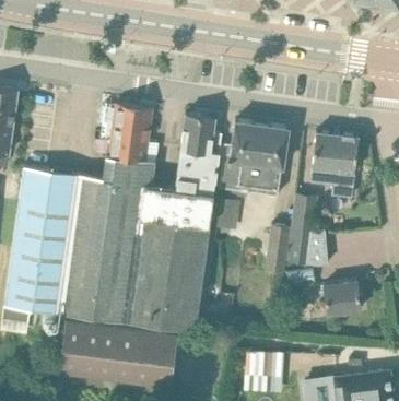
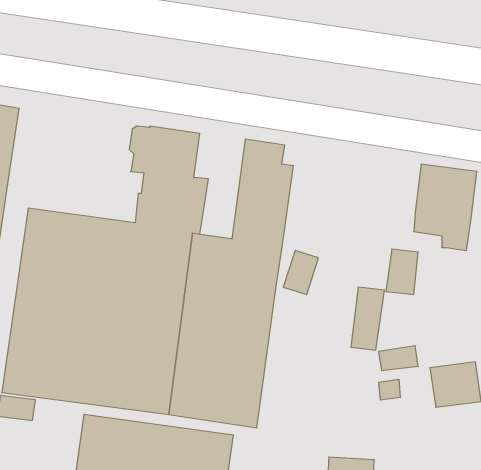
building: [218,120,287,196] -> none
building: [287,228,326,266] -> none

